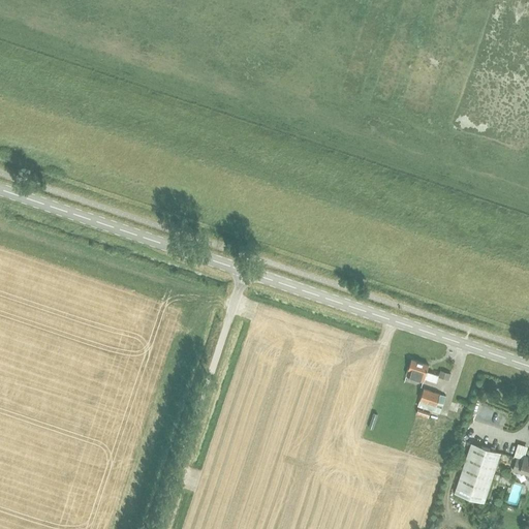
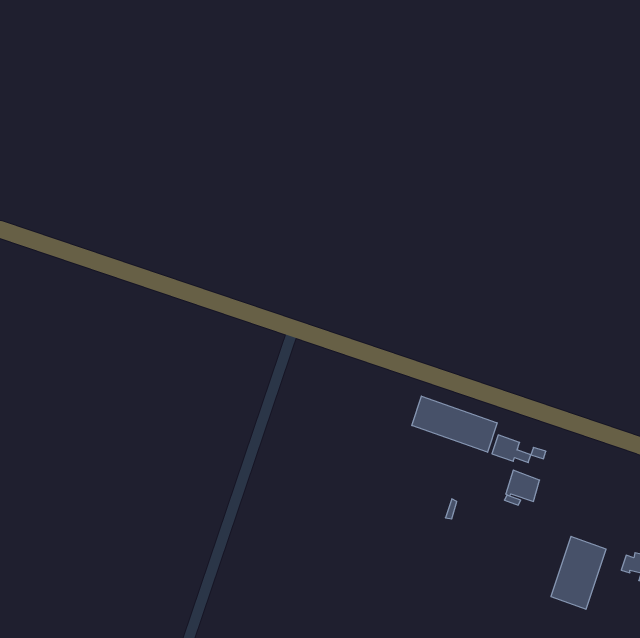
building: none -> [412,396,497,452]

